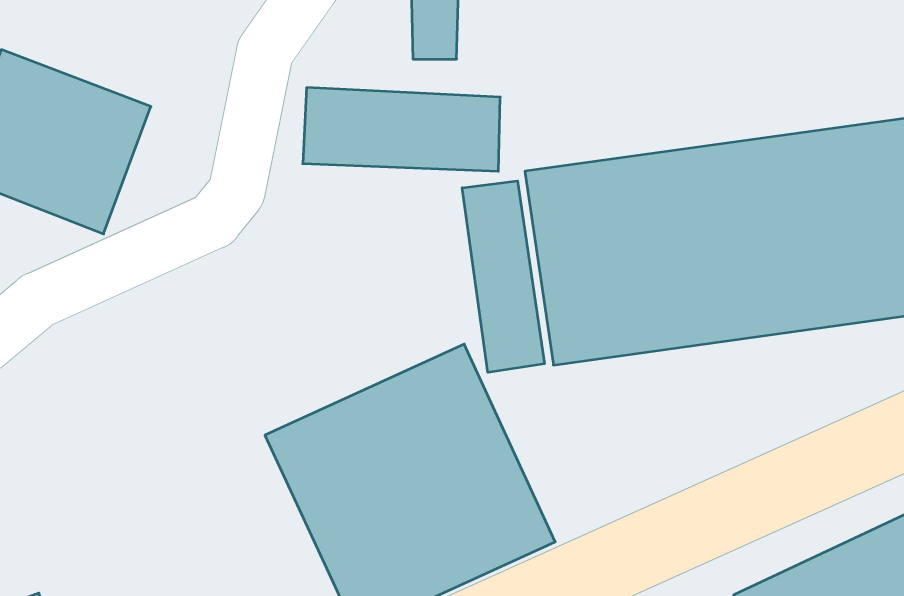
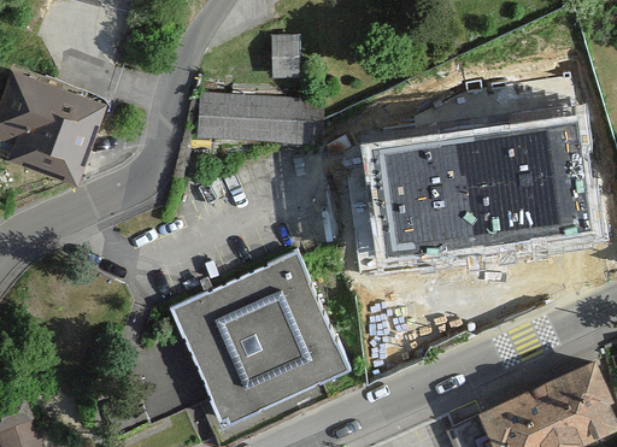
building: [462,181,544,372] -> none

